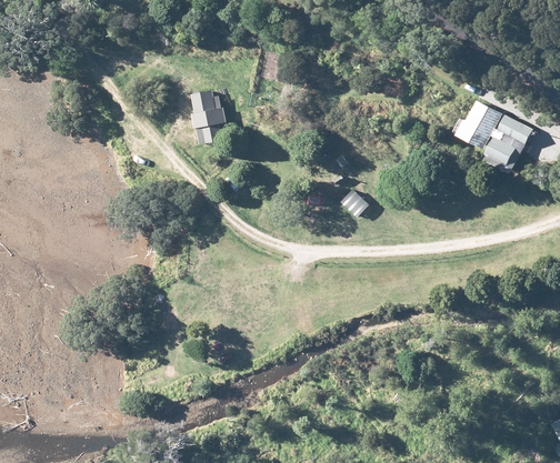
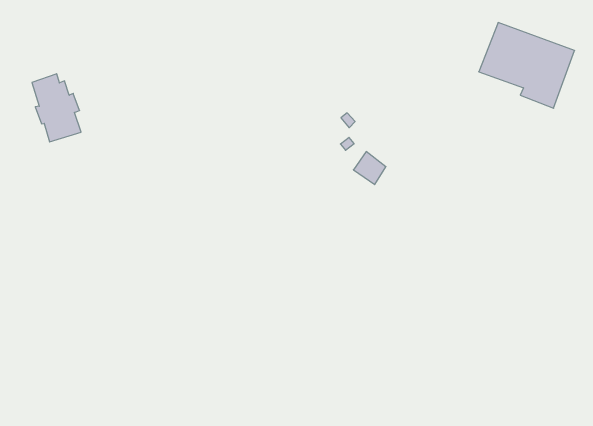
building: [191,89,227,143] -> [32,74,81,142]

